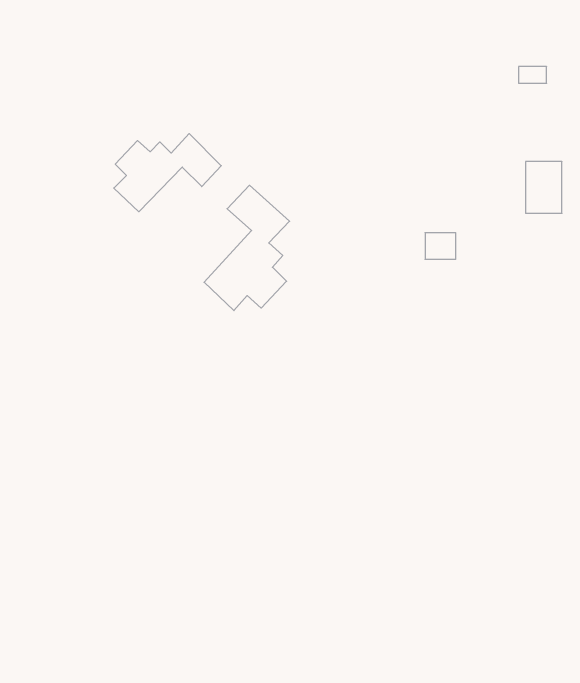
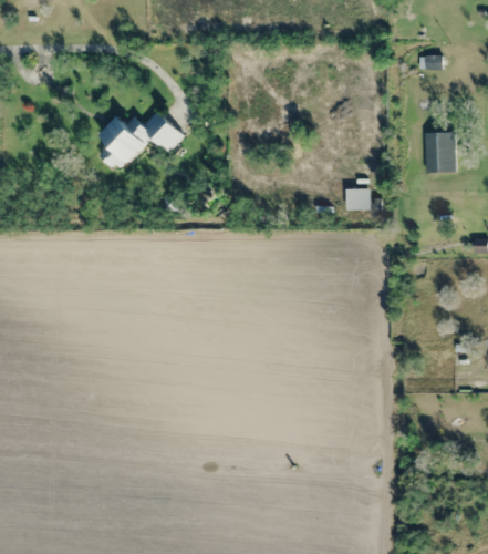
building: [204,185,290,311] -> none

